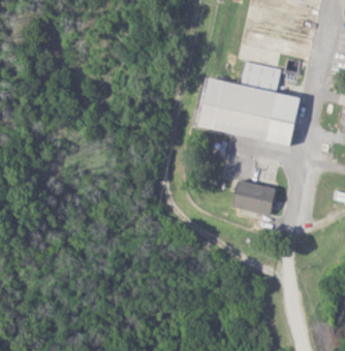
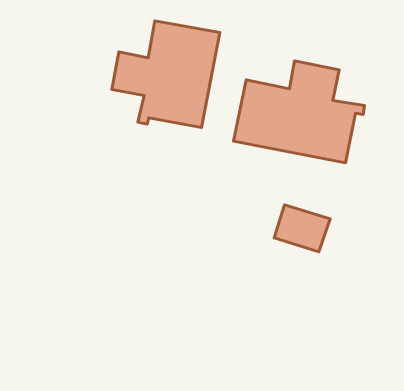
building: none -> [112,21,220,128]

